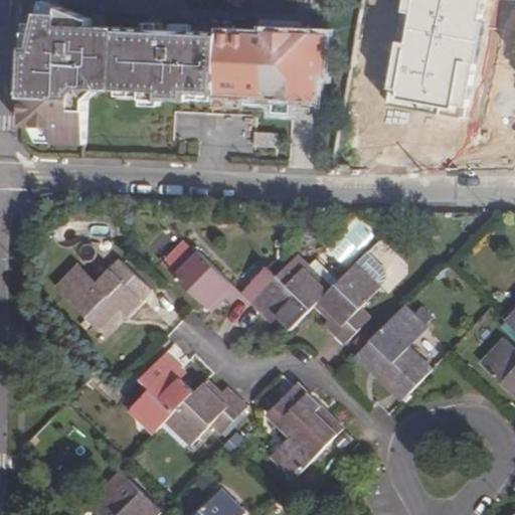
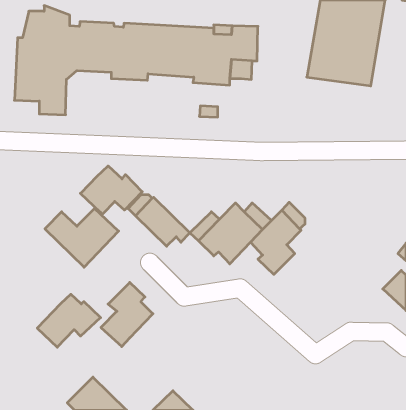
building: none -> [80,166,142,214]
building: [354,305,430,398] -> none
building: [163,381,242,448] -> [37,294,101,347]
building: [265,385,340,479] -> none

